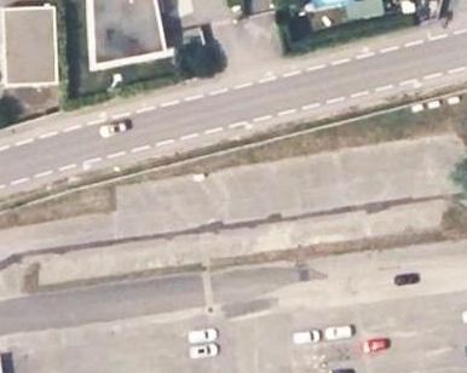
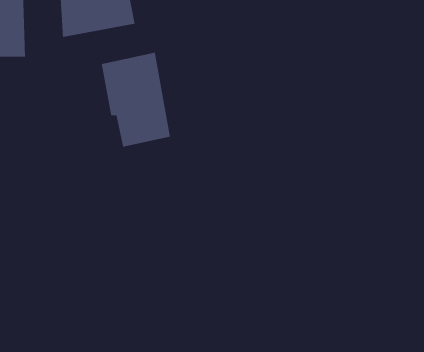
building: none -> [101,52,170,147]

